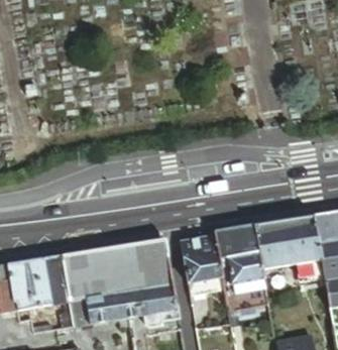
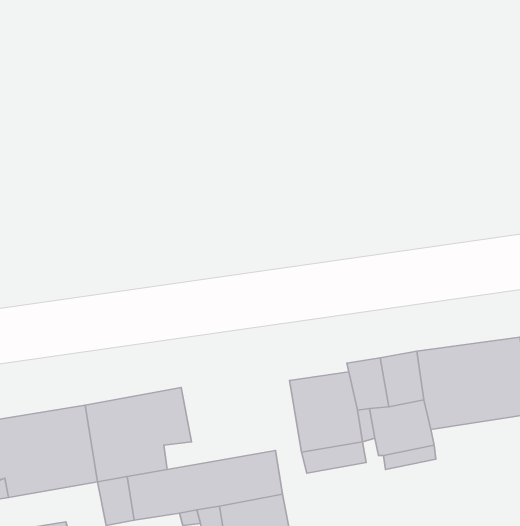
building: [108,237,173,293] -> none

